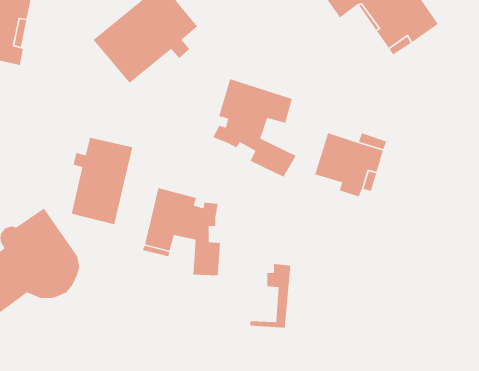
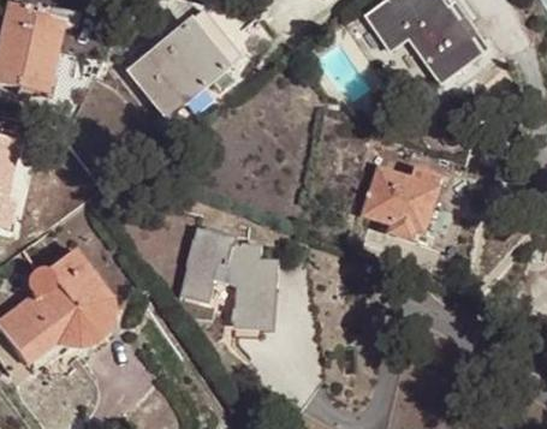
building: [212,78,297,178] -> none
building: [71,137,133,225] -> none
building: [250,263,291,328] -> [233,260,278,329]

